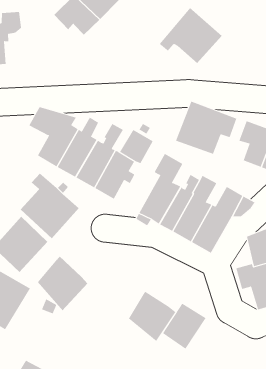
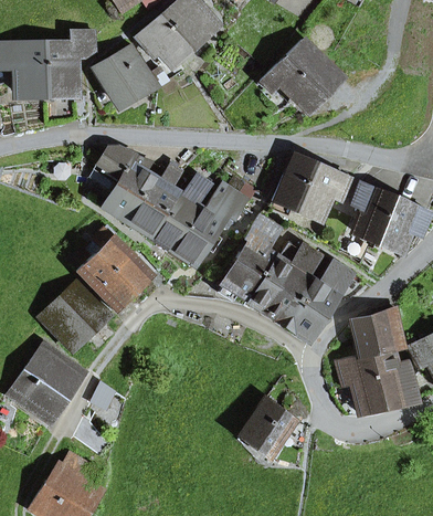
building: none -> [96,44,157,105]
building: [37,256,88,311] -> none
building: [128,291,176,342] -> none

